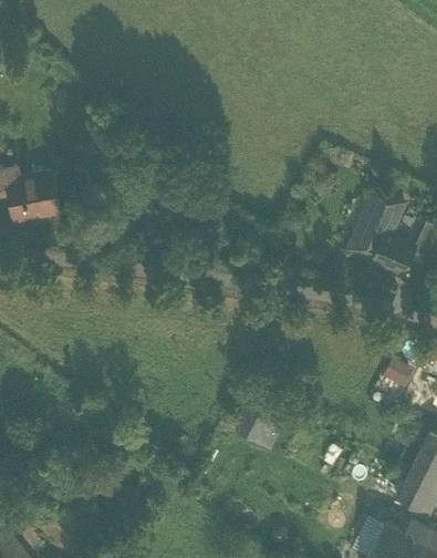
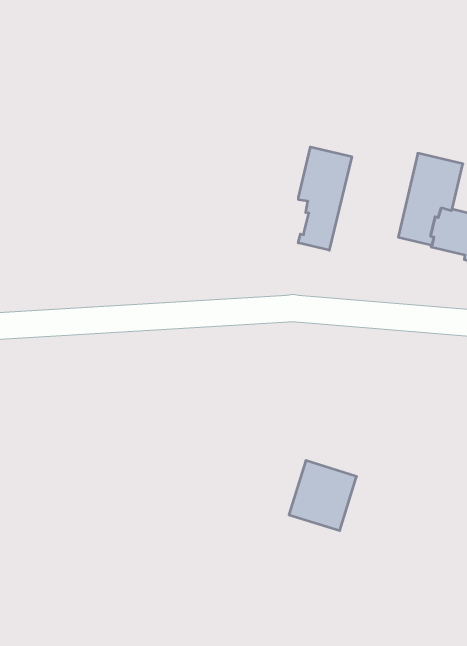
building: none -> [298,147,352,250]

